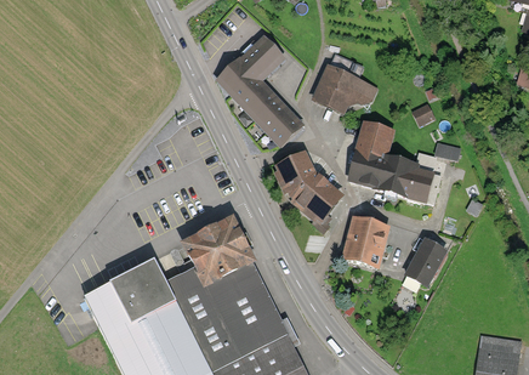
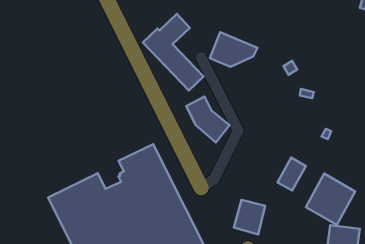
building: [349,125,440,204] -> none
building: [343,220,387,268] -> [234,200,265,235]
building: none -> [306,174,355,225]

